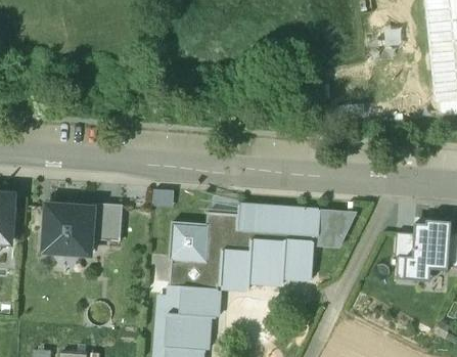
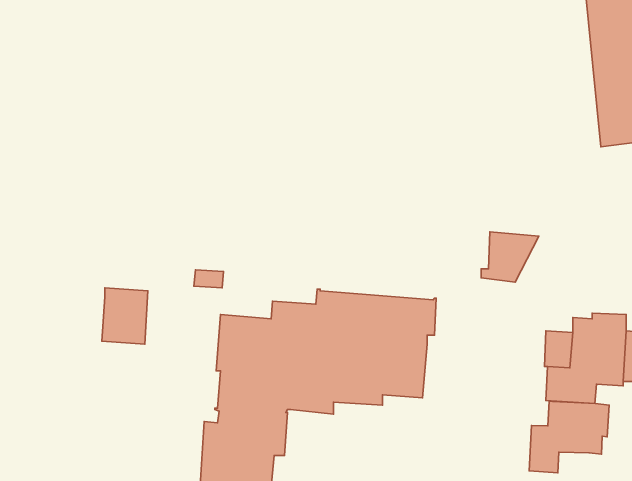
building: [45,203,93,252] -> none
building: [315,208,355,242] -> [481,232,539,282]
building: none -> [529,401,609,473]

